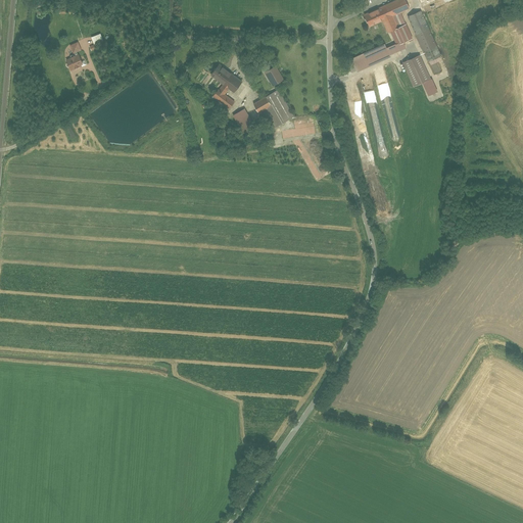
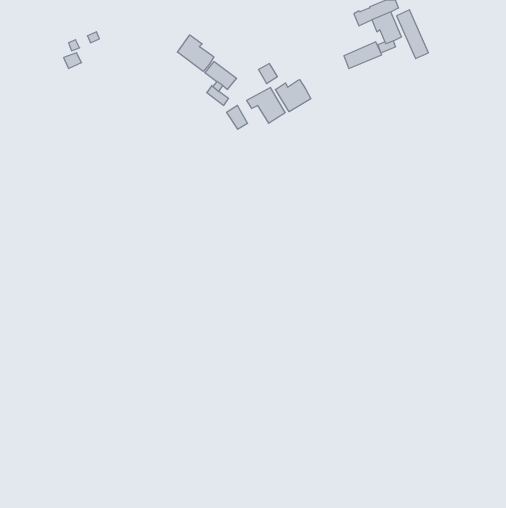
building: none -> [177,35,214,71]
building: [403,54,431,86] -> none
building: none -> [275,80,311,112]

